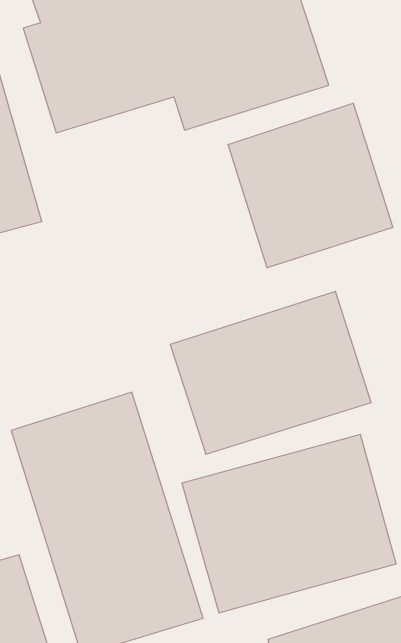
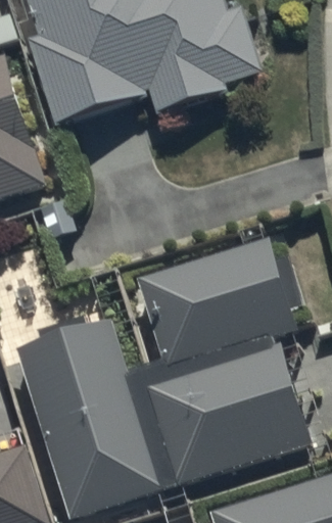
building: [228,103,393,268] -> none

